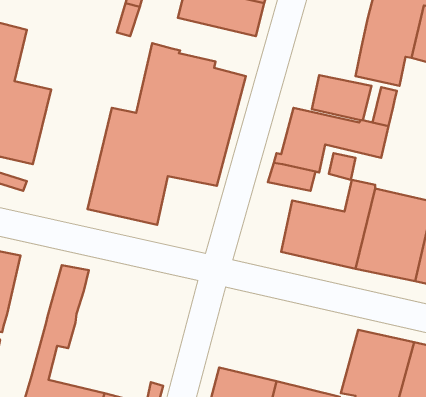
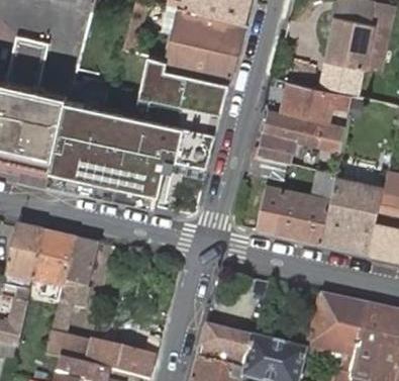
building: none -> [166,33,236,82]
building: none -> [47,96,117,192]
building: none -> [30,230,76,302]

